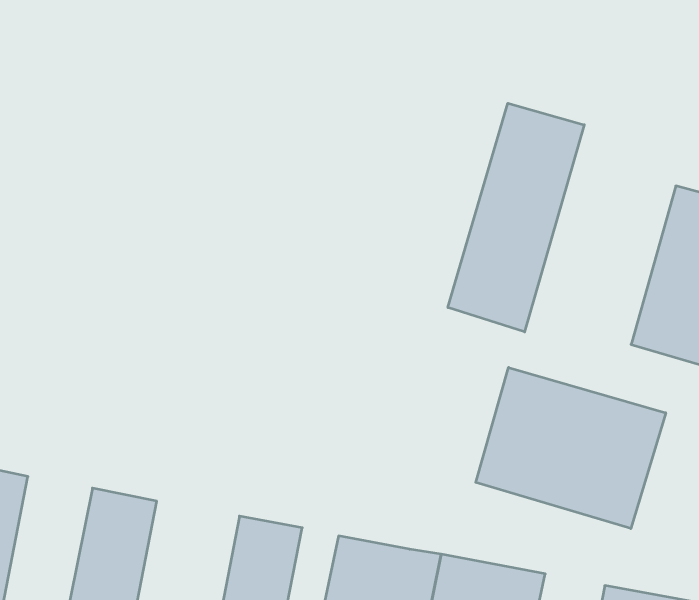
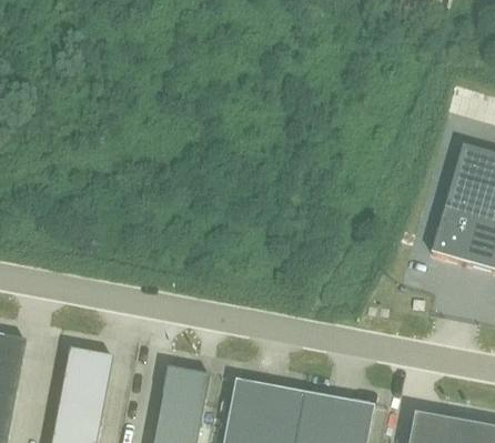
building: [448,103,584,332] -> none
building: [476,367,666,529] -> none

